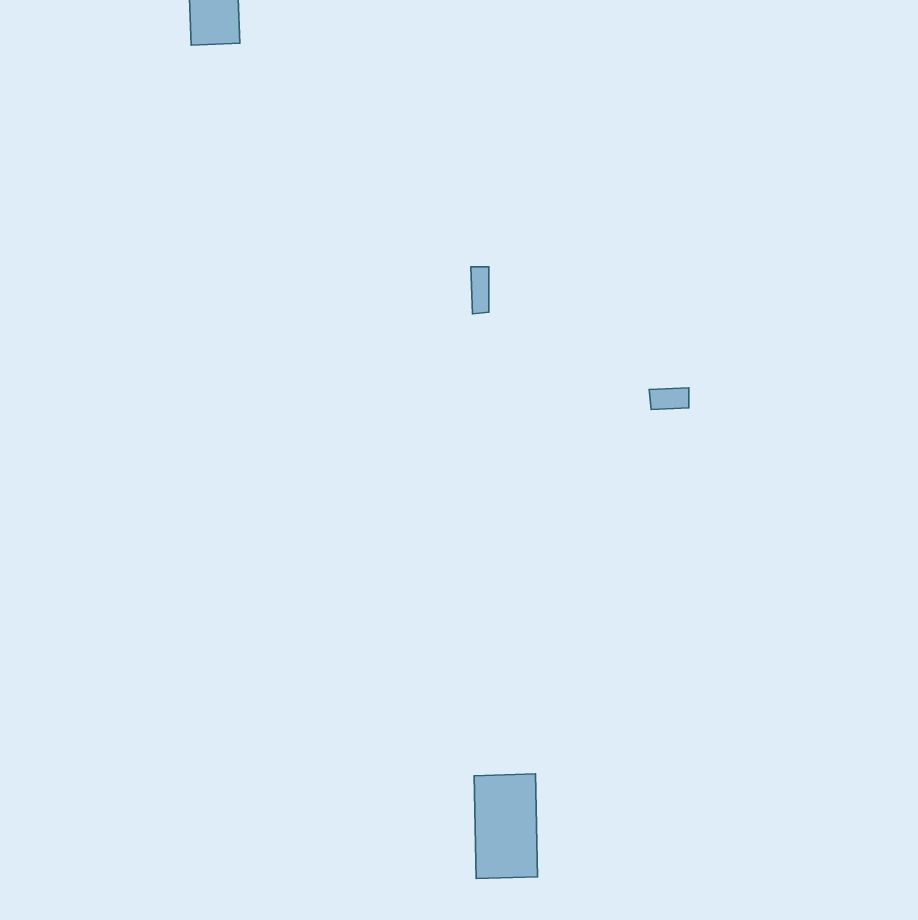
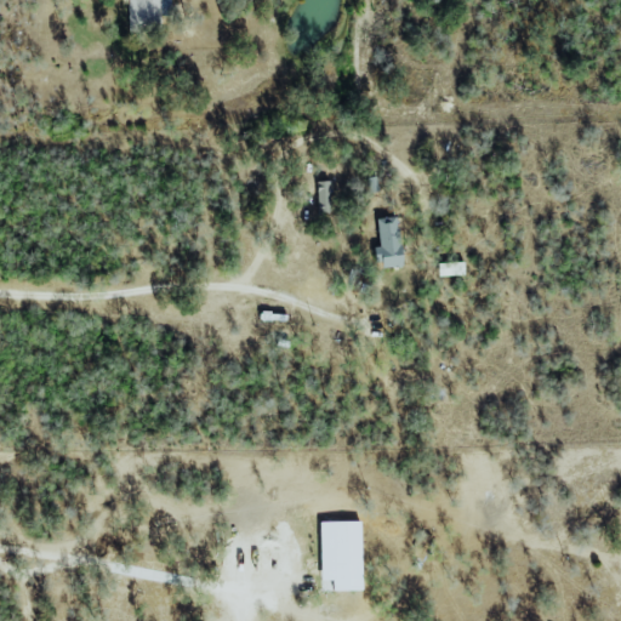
building: none -> [376,216,403,264]

